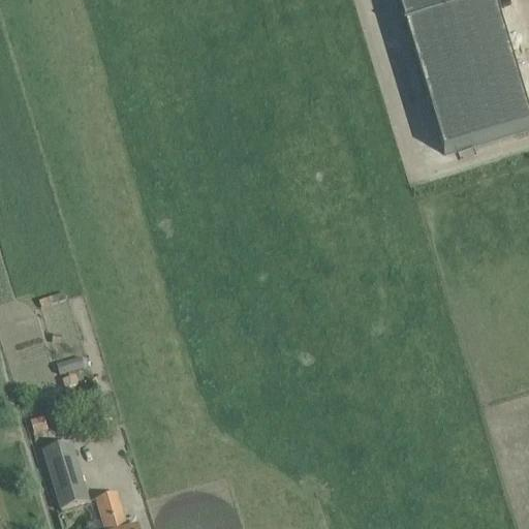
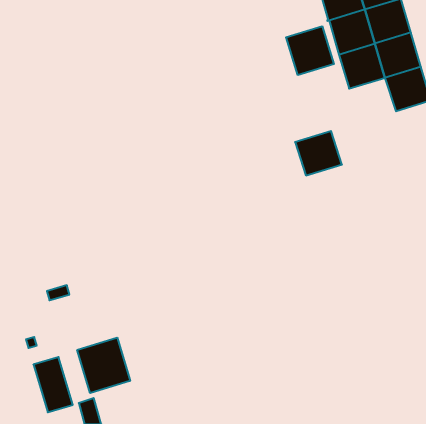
building: none -> [286,26,334,75]
building: [433,96,491,151] -> [295,131,342,175]
building: none -> [77,338,130,393]

